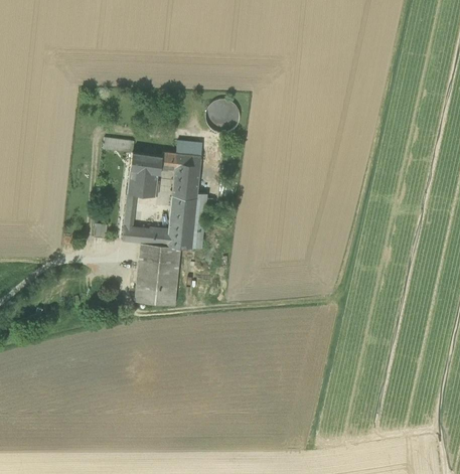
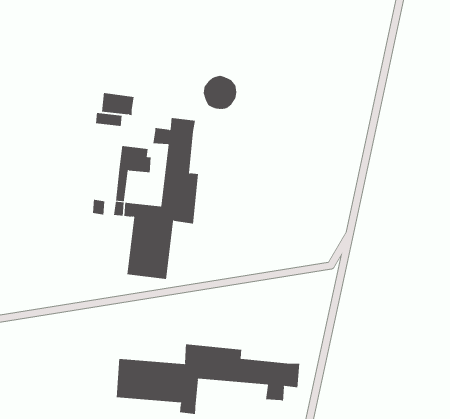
building: [129,151,162,174] -> [101,93,134,116]
building: none -> [116,344,300,415]

